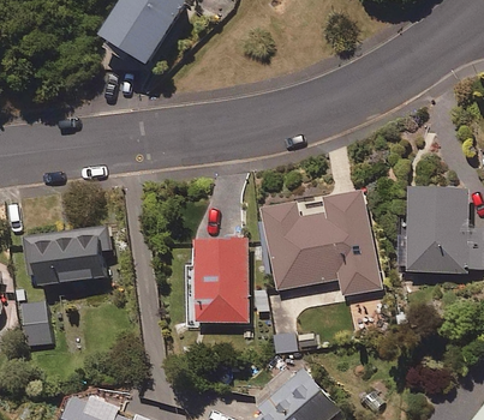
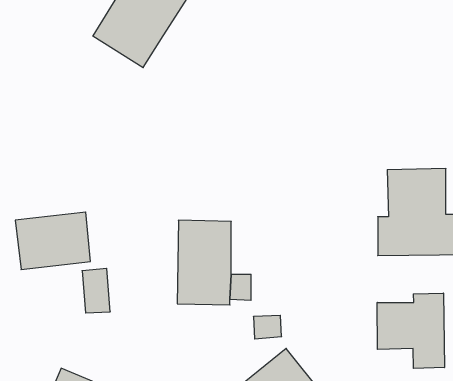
building: [262,191,378,296] -> none
building: [20,302,49,348] -> [82,268,110,313]
building: none -> [377,293,444,368]

